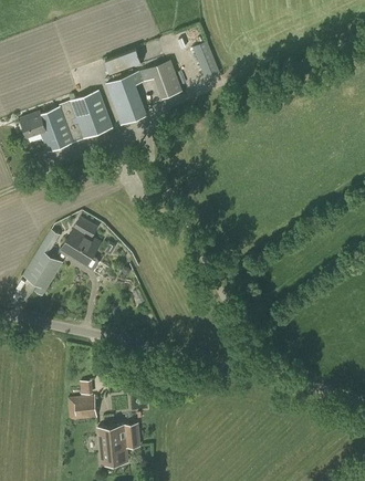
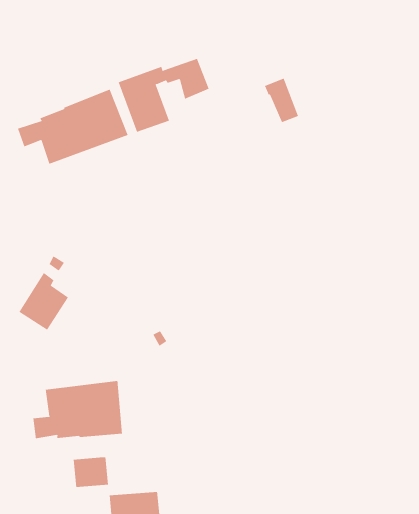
building: [191,42,220,80] -> [264,78,299,123]
building: [60,217,101,270] -> none
building: none -> [33,380,123,439]

